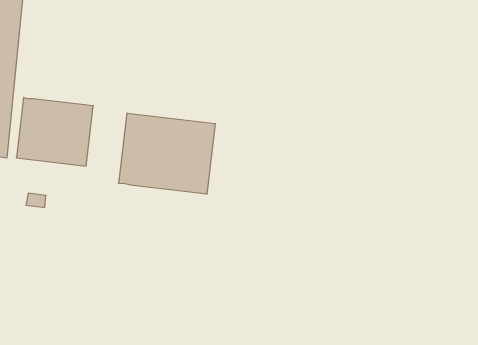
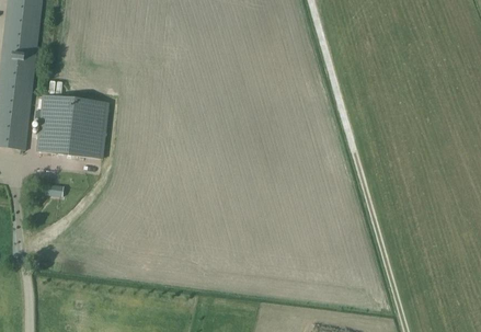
building: [119,113,215,194] -> none

